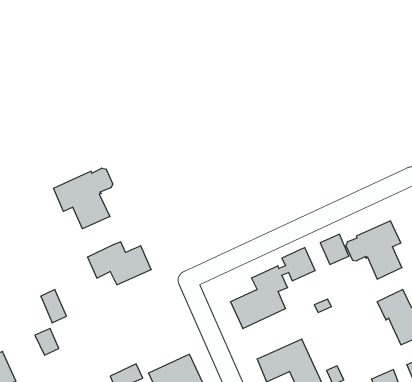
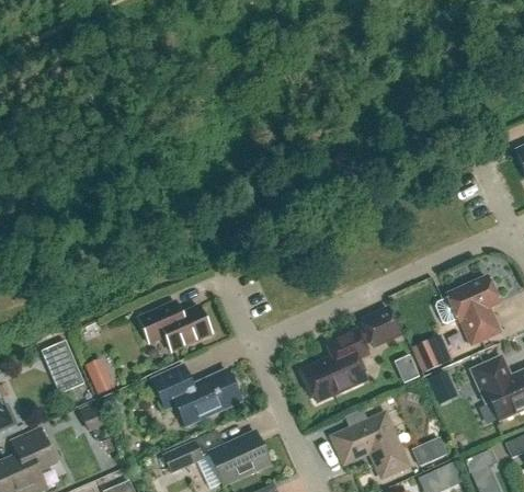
building: [53,168,113,229] -> none
building: [320,234,349,265] -> [414,335,447,370]
building: none -> [44,340,84,390]
building: none -> [151,365,242,426]

